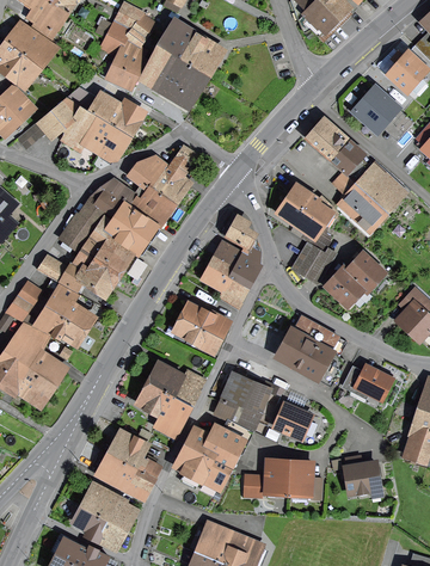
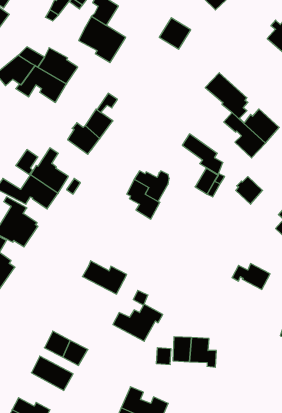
building: [179,33,220,74] -> [159,18,191,49]
building: [106,41,145,88] -> none
building: [352,87,398,131] -> none
building: [130,156,168,190] -> none
building: [92,178,153,250] -> none
building: [287,187,333,223] -> none
building: [225,214,259,251] -> none
building: [326,267,362,308] -> none
building: [177,306,227,352] -> none
building: [280,315,346,383] -> none
building: [220,373,277,431] -> none
building: [137,382,192,437] -> none
building: [275,404,309,437] -> none
building: [110,430,160,476] -> none
building: [176,444,228,487] -> none
building: [344,461,379,494] -> none
building: [75,506,124,549] -> none

